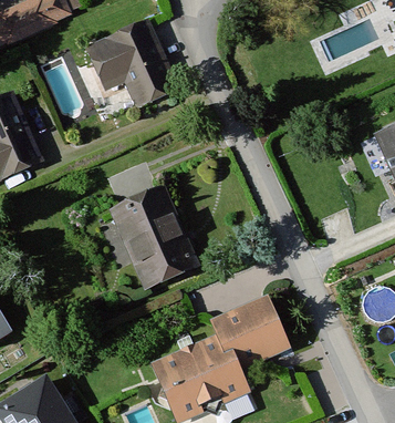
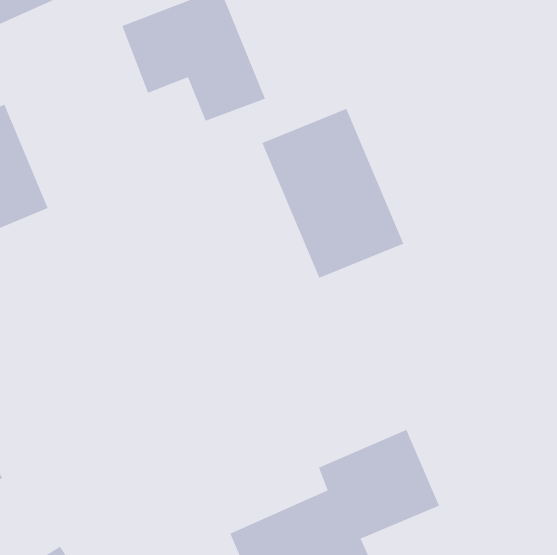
building: [101,178,191,287] -> [261,108,404,278]

